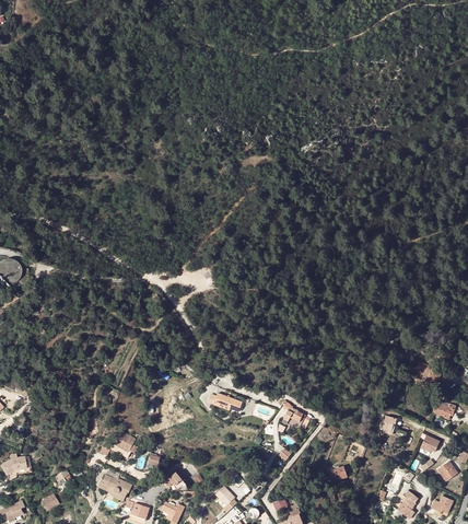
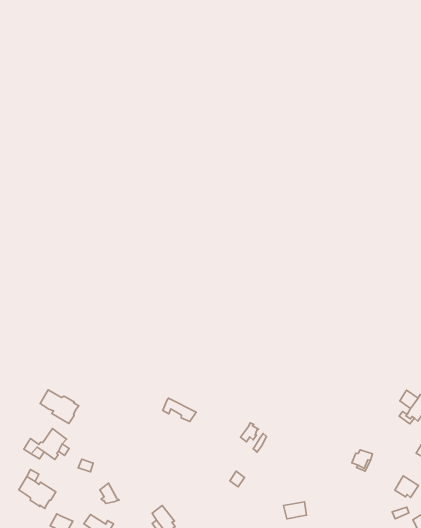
building: none -> [40,390,79,424]

